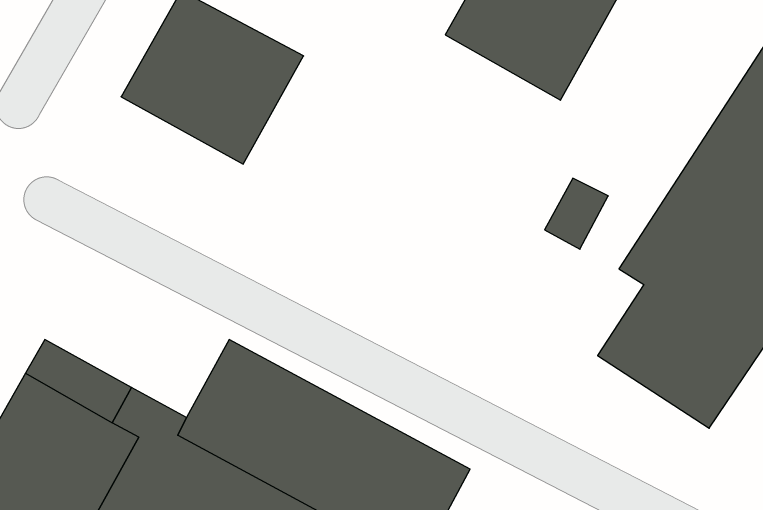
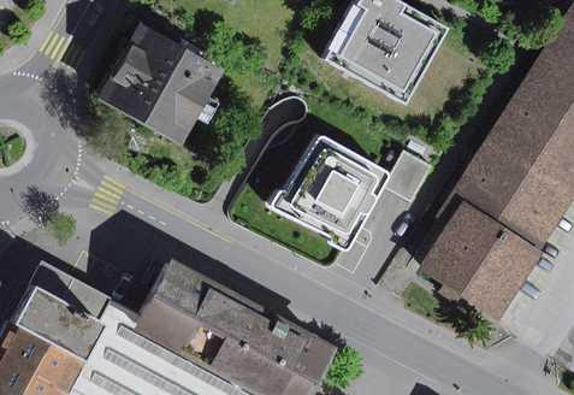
building: none -> [266,134,381,247]

